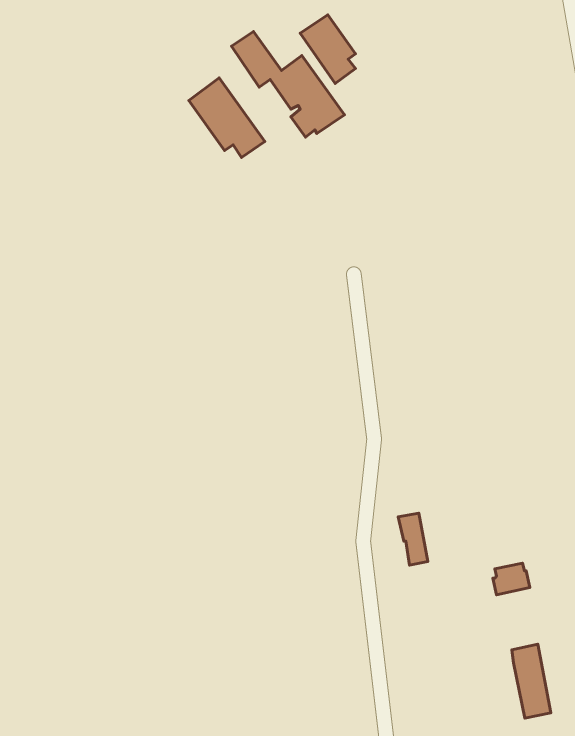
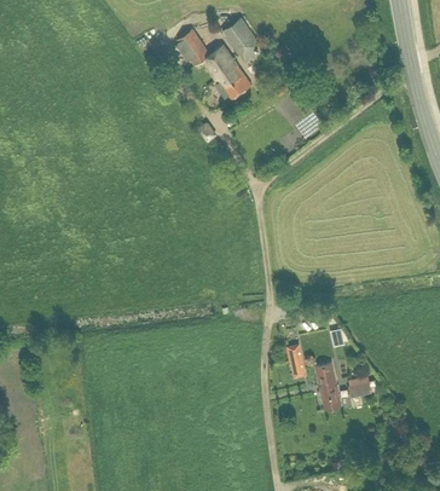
building: [189,78,265,158] -> none
building: [512,644,551,718] -> [315,363,341,411]

